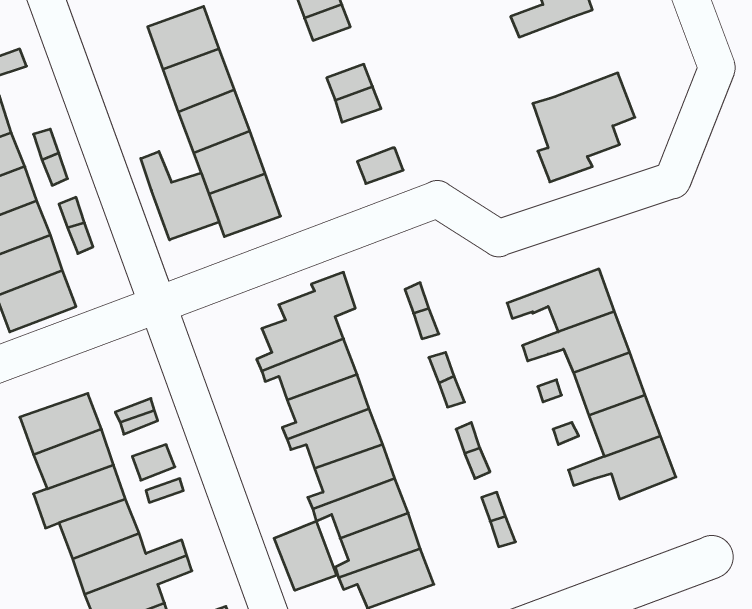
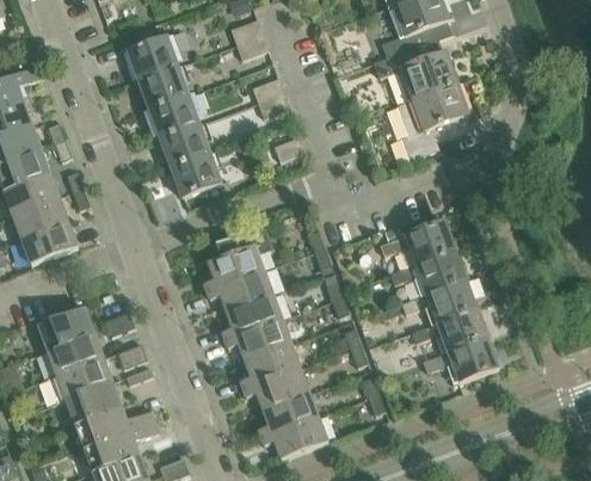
building: none -> [373,43,456,99]
building: [141,151,219,240] -> none
building: [274,521,337,590] -> none

